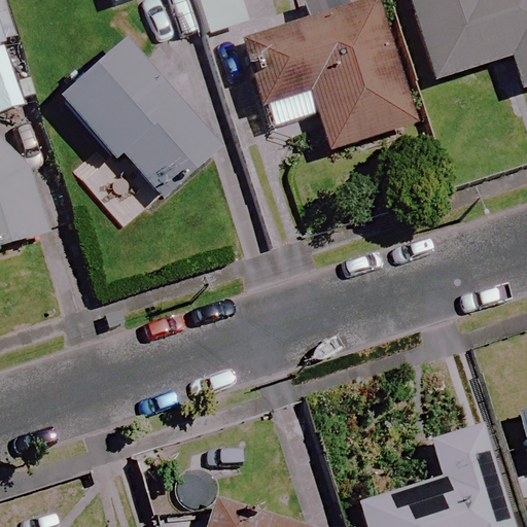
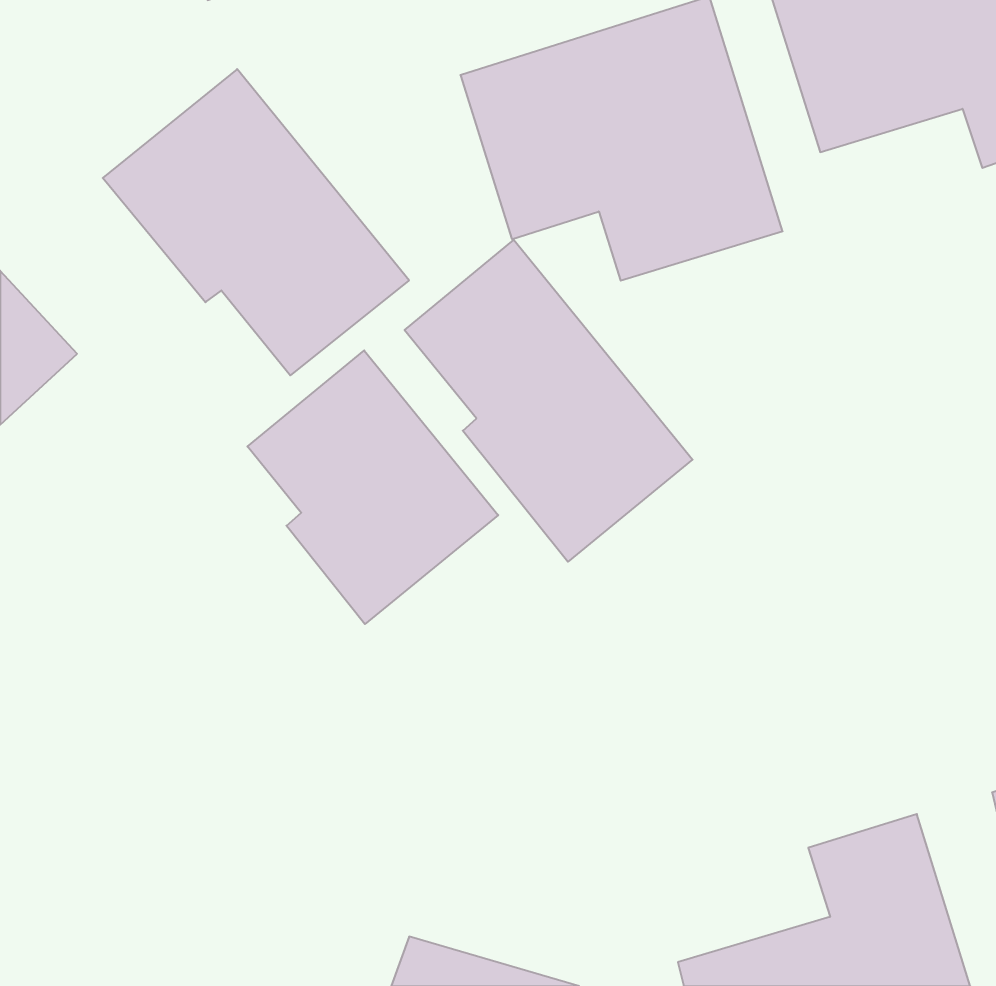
building: none -> [405,240,693,562]
building: none -> [247,350,498,624]

